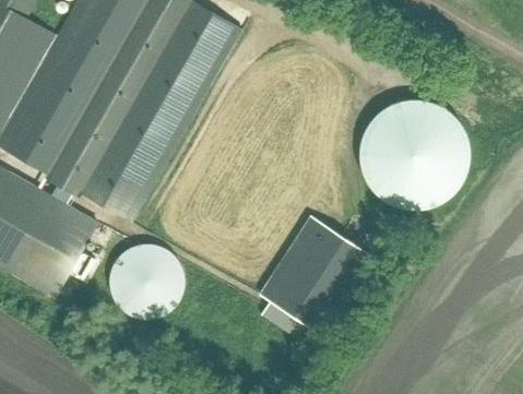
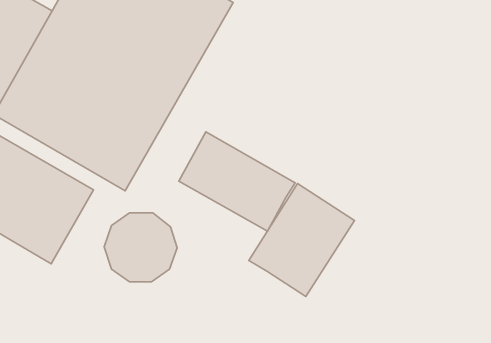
building: [359,97,473,210] -> none
building: none -> [179,132,295,231]

